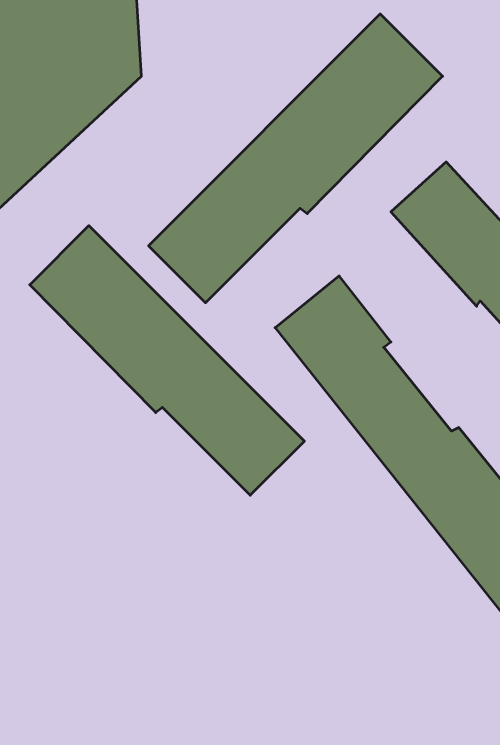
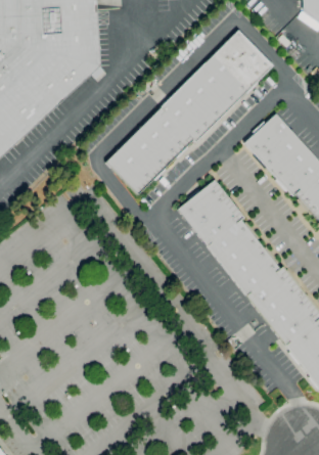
building: [30,226,304,495] -> none

